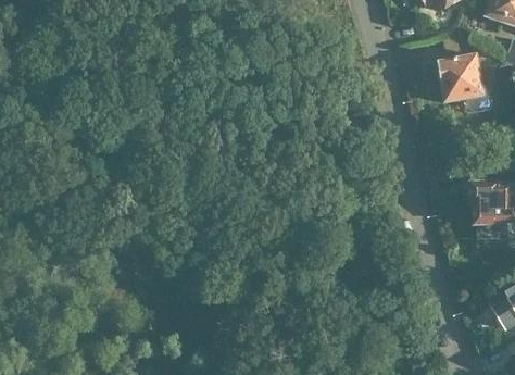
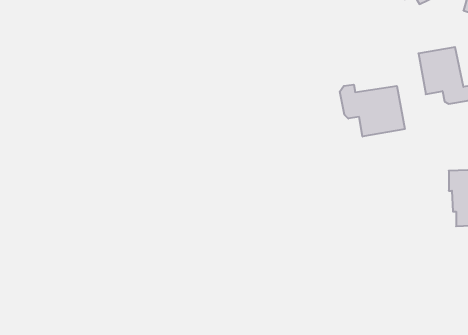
building: none -> [340,85,405,137]

